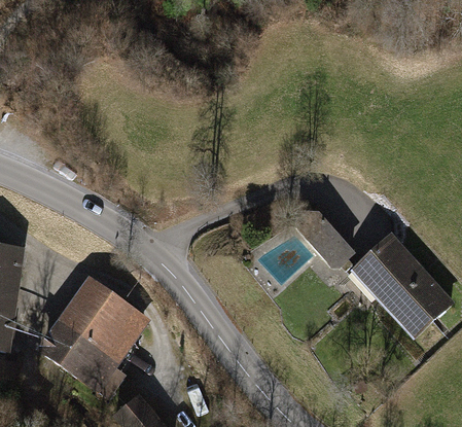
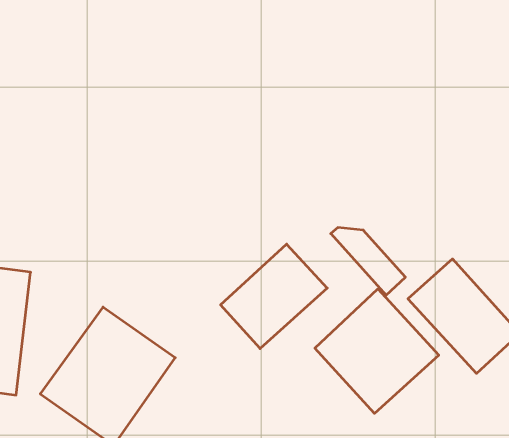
building: none -> [221,244,327,349]
building: none -> [315,289,439,413]

